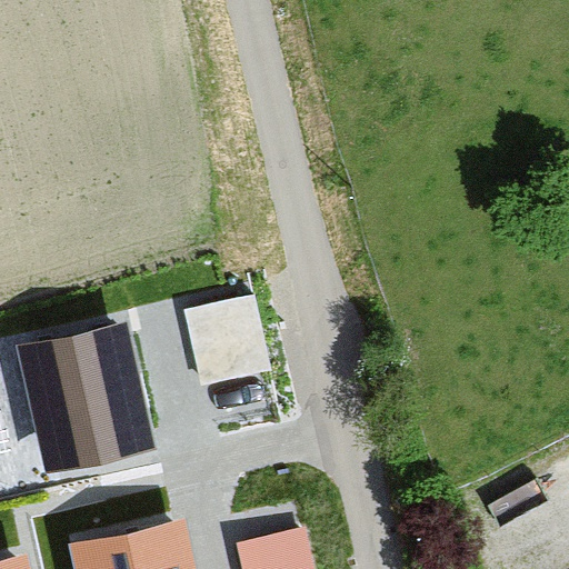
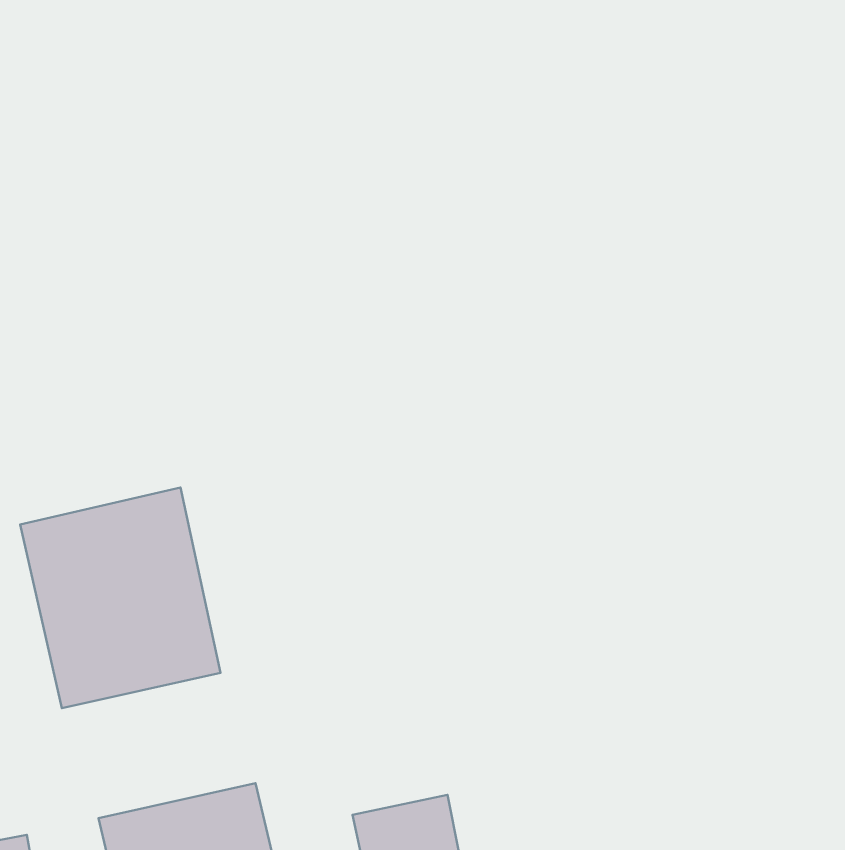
building: [181,281,268,375] -> none

